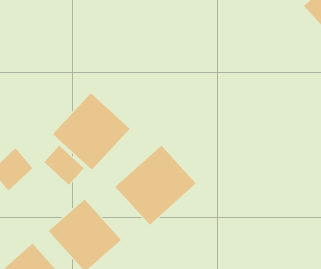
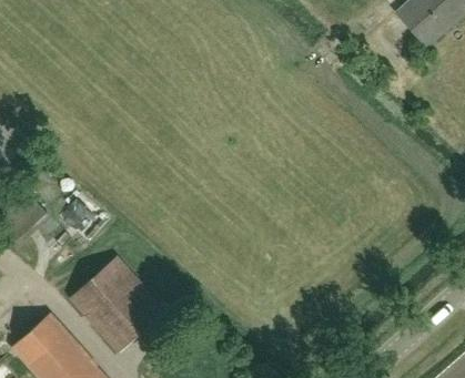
building: [52,92,131,171] -> none
building: [114,145,197,225] -> none

